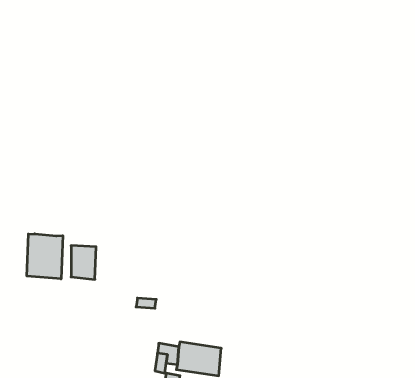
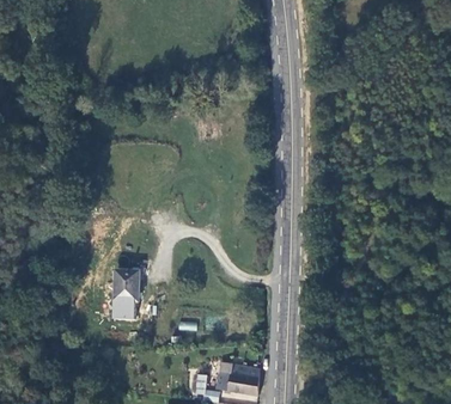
building: [27,234,63,279] -> none

